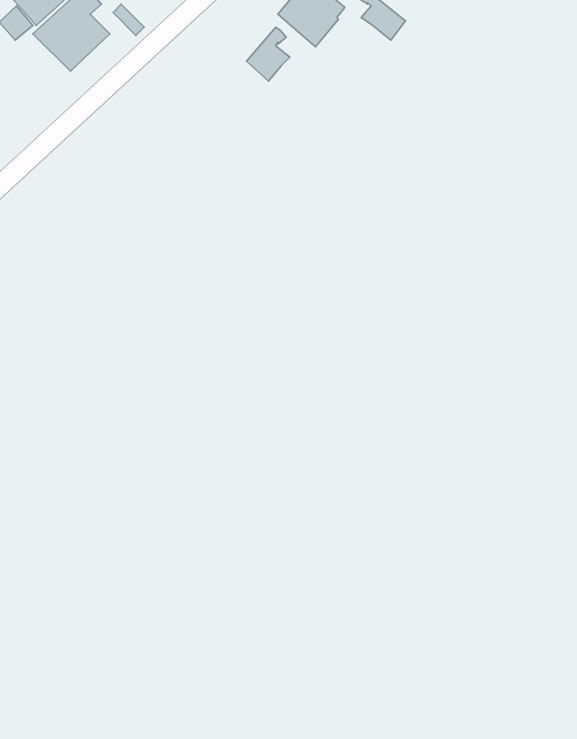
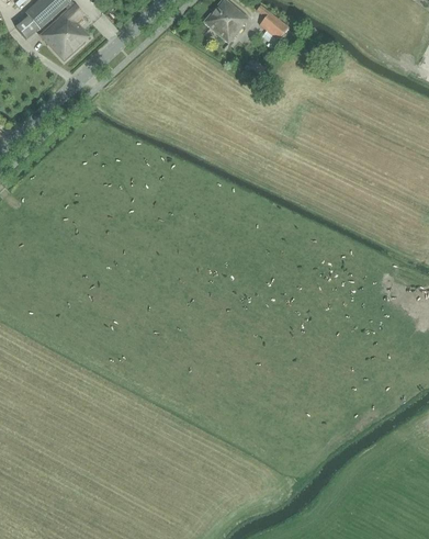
building: [247,27,290,81] -> none

